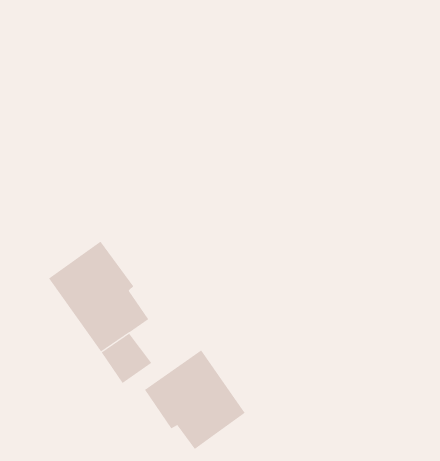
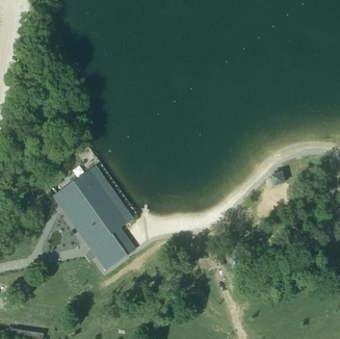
building: [144,350,246,450] -> none

